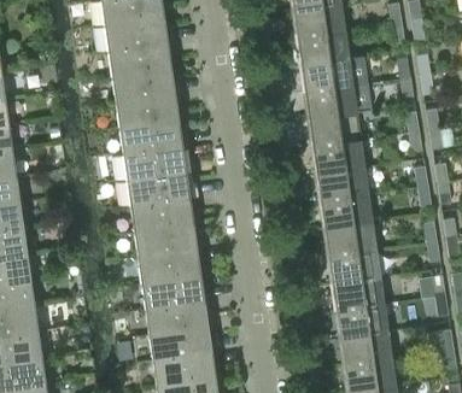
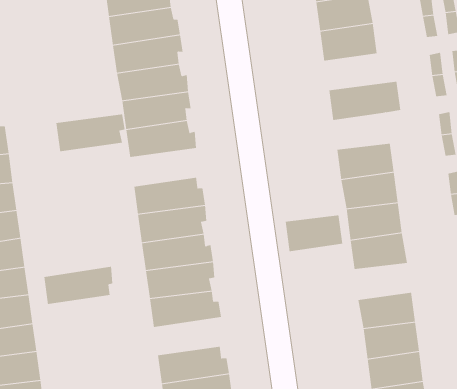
building: [300,57,368,93] -> none
building: [309,113,362,147] -> none
building: [123,146,187,181] -> [55,114,125,152]
building: [328,251,381,285] -> [285,215,343,252]
building: [145,300,209,335] -> [43,266,113,305]

